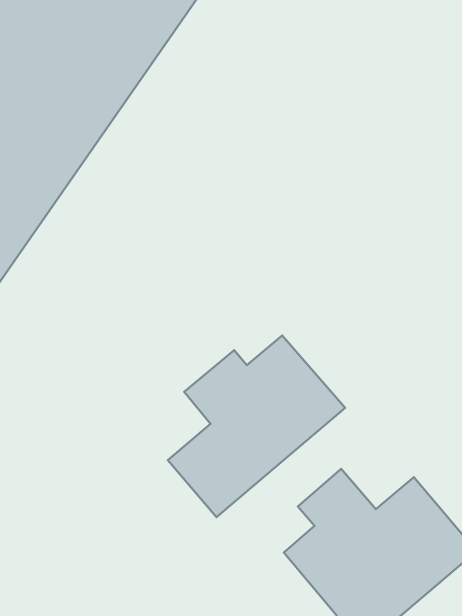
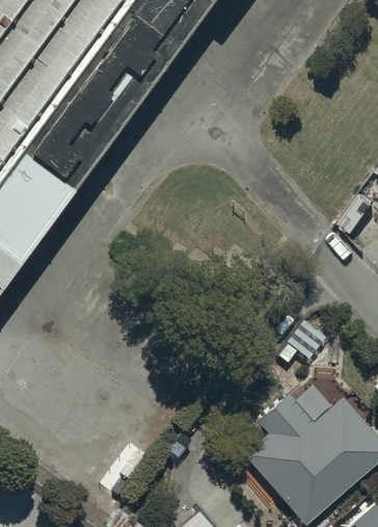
building: [168,335,345,517] -> none

